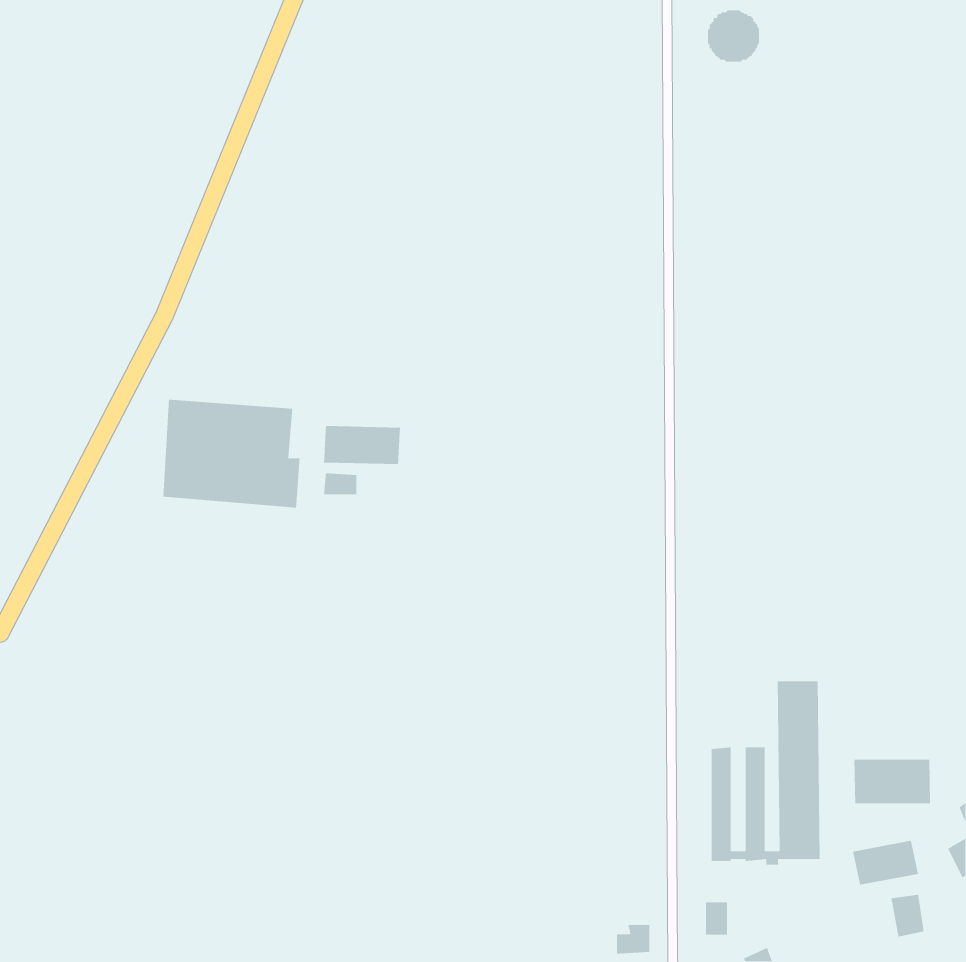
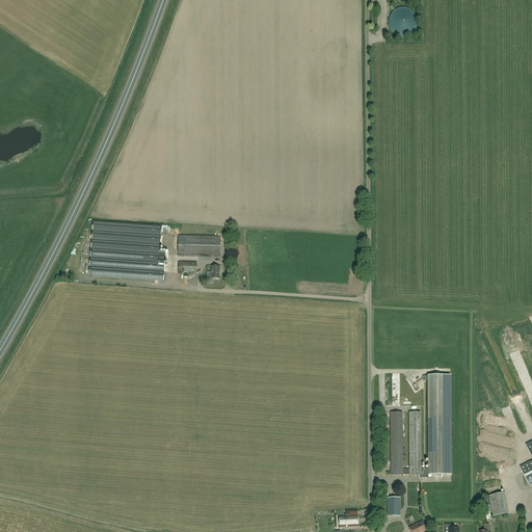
building: [854,759,931,804] -> none
building: [852,840,919,886] -> none

